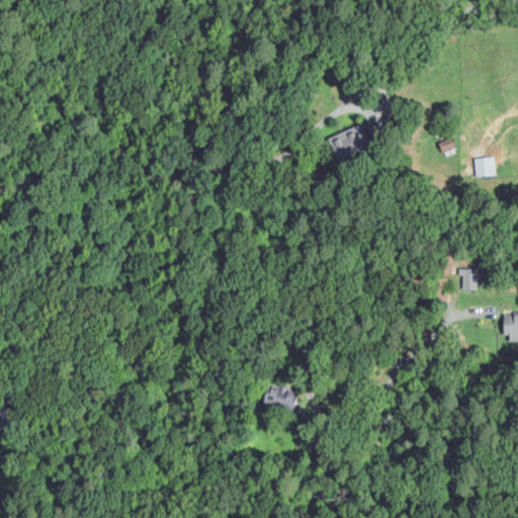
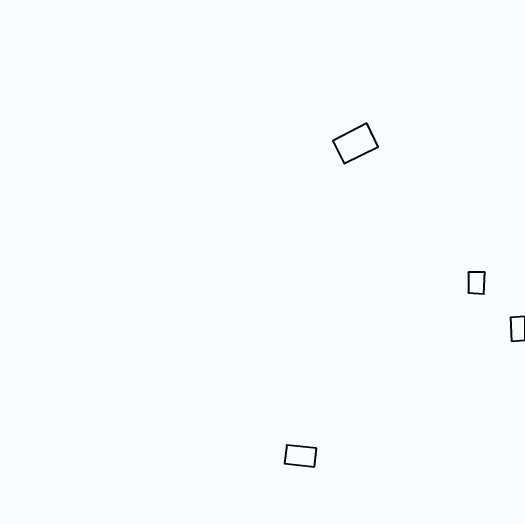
building: [474,158,495,176] -> none
building: [266,387,297,409] -> [285,445,316,467]

